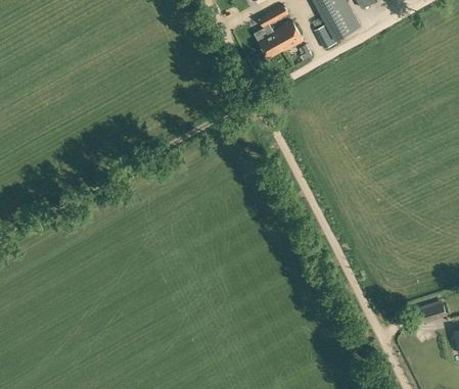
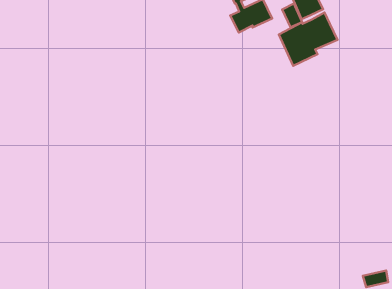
building: none -> [279,12,338,66]

